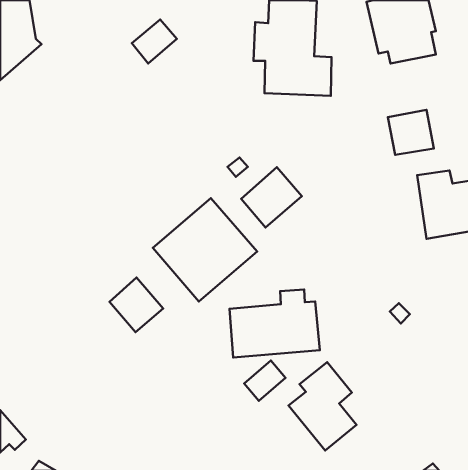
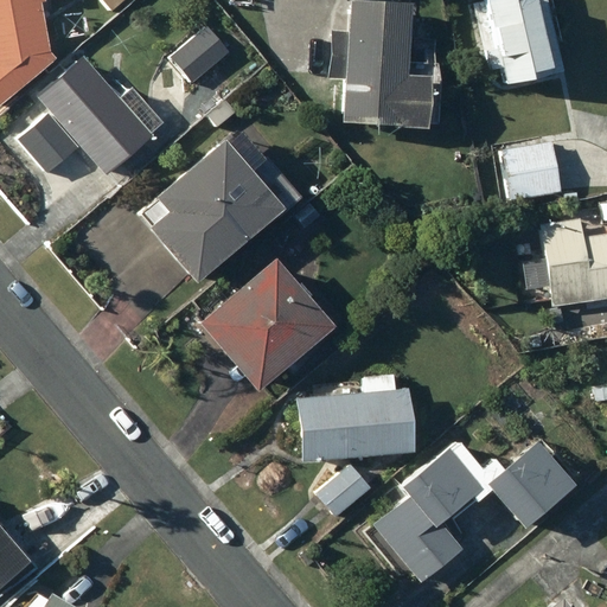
building: none -> [20,57,164,175]
building: none -> [142,132,283,281]
building: [241,167,302,227] -> none
building: [110,277,163,332] -> none
building: none -> [424,440,575,525]

